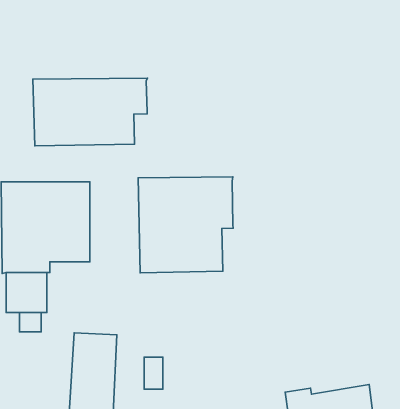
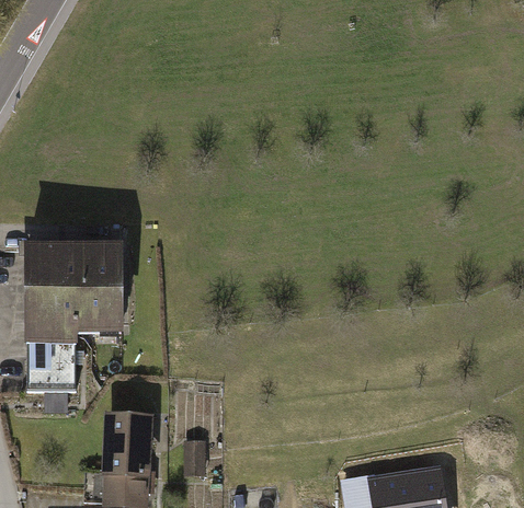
building: [33,78,147,146] -> none
building: [138,177,233,273] -> none

